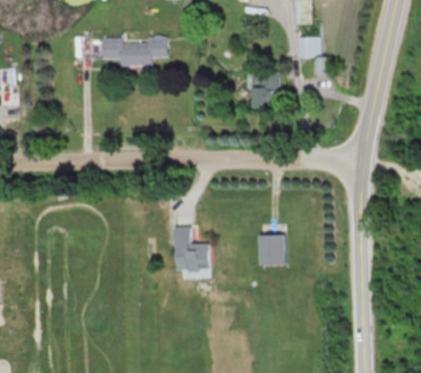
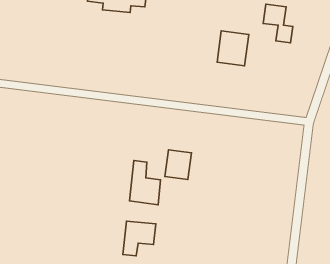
building: [259,236,284,266] -> [165,150,191,180]
building: none -> [123,221,156,256]

